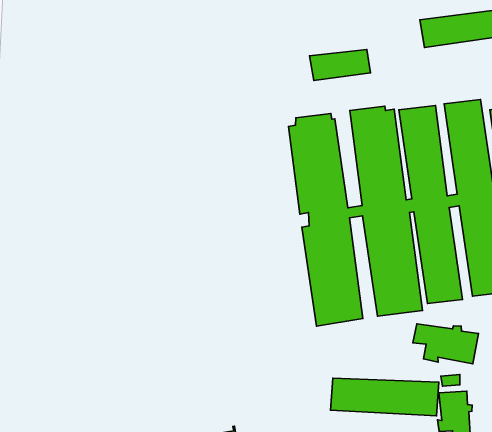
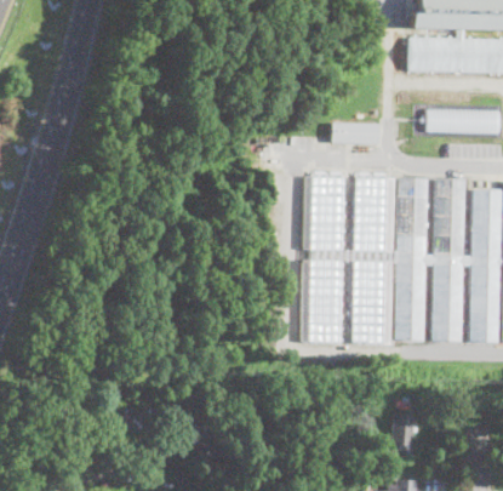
building: [413,324,478,364] -> none
building: [330,378,439,416] -> none

